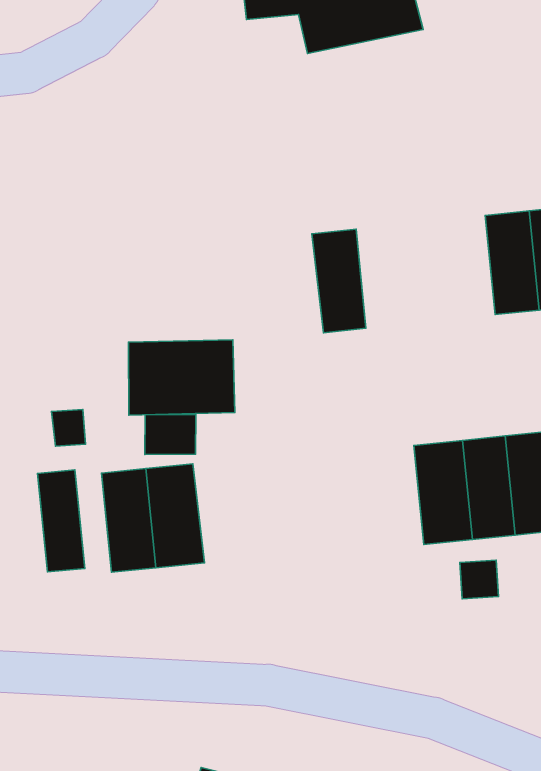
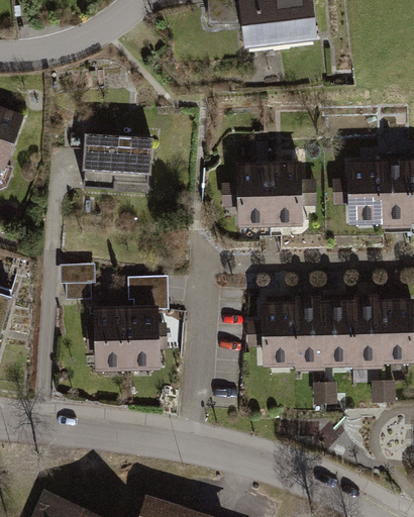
building: none -> [267,162,300,226]
building: [128,340,235,415] -> [82,135,151,185]
building: none -> [266,303,296,368]
building: [37,470,85,572] -> none

